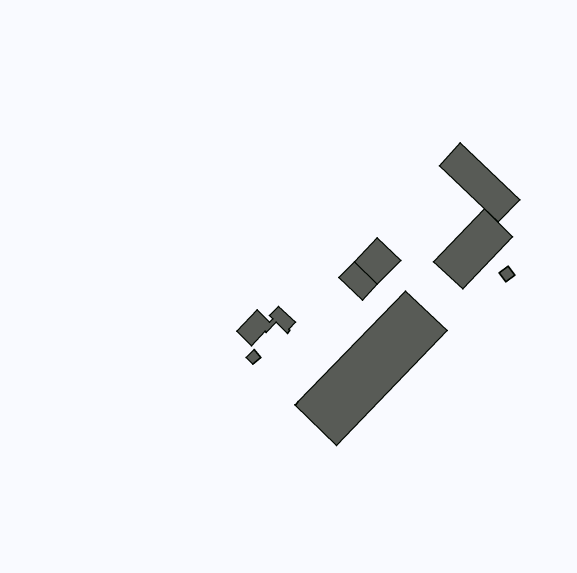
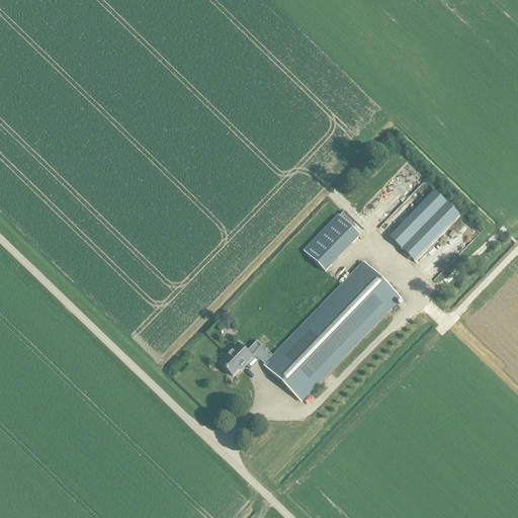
building: [439,143,520,222] -> none
building: [237,306,295,346] -> [220,339,272,374]

